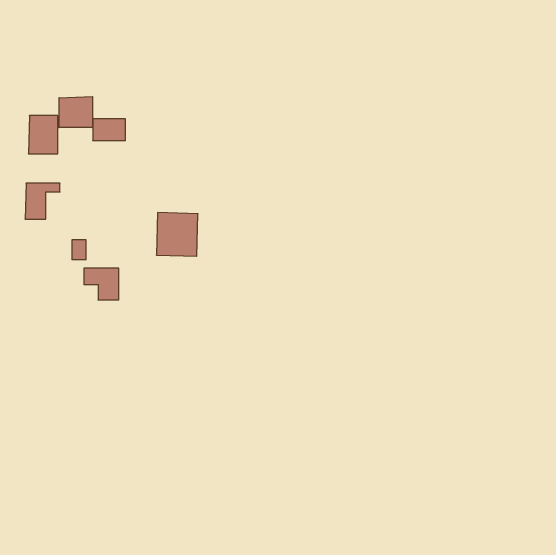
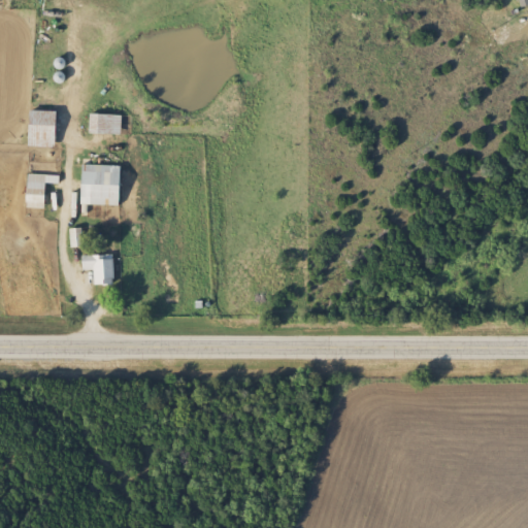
building: [59,97,92,128] -> none
building: [156,213,198,256] -> [80,163,120,204]

